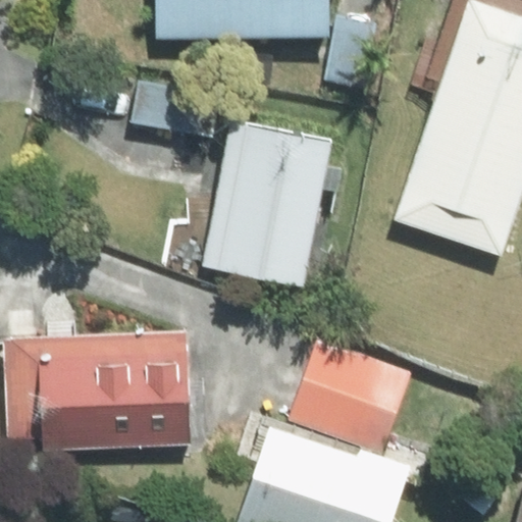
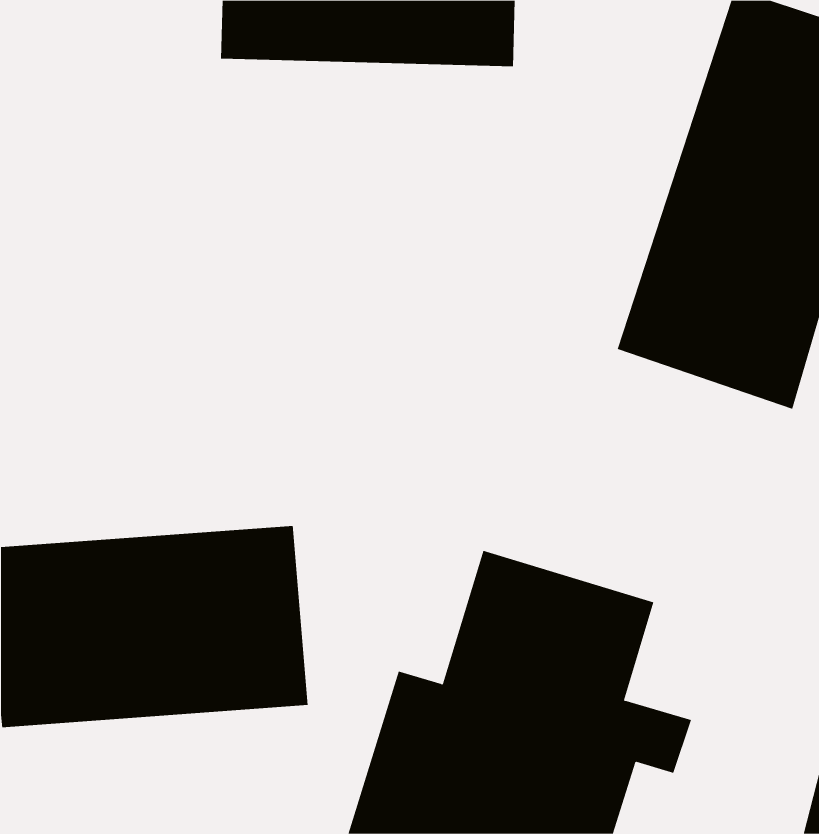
building: [137,84,329,291] -> none

